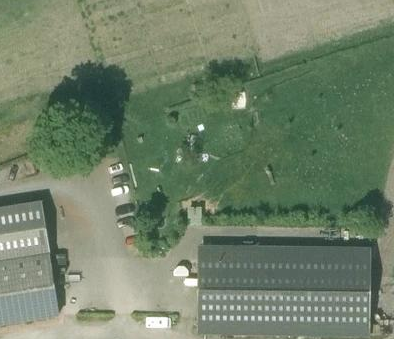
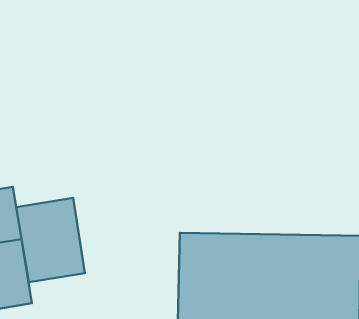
building: none -> [16,198,85,282]

